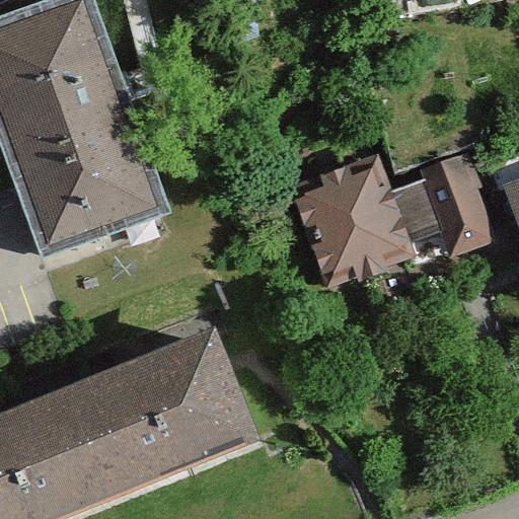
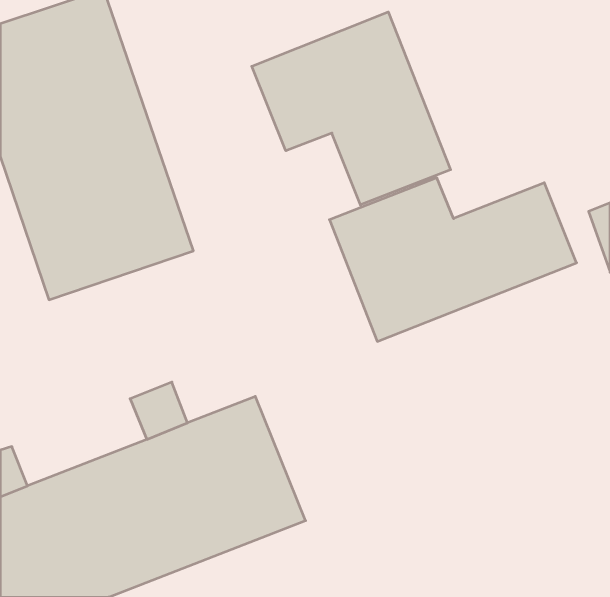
building: none -> [252,12,451,205]

